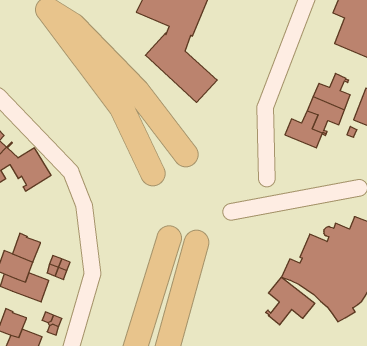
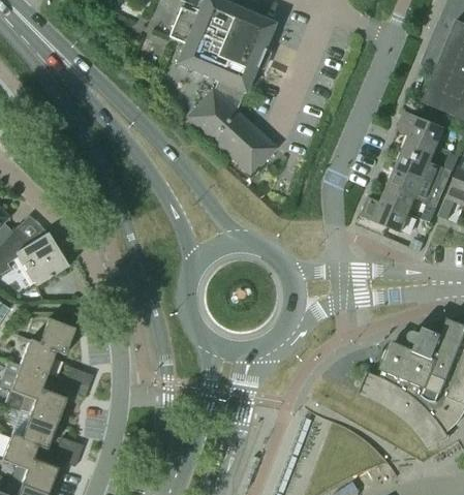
building: none -> [397,111,444,157]
building: none -> [37,318,74,354]
building: [266,277,315,325] -> none
building: none -> [11,411,56,450]

